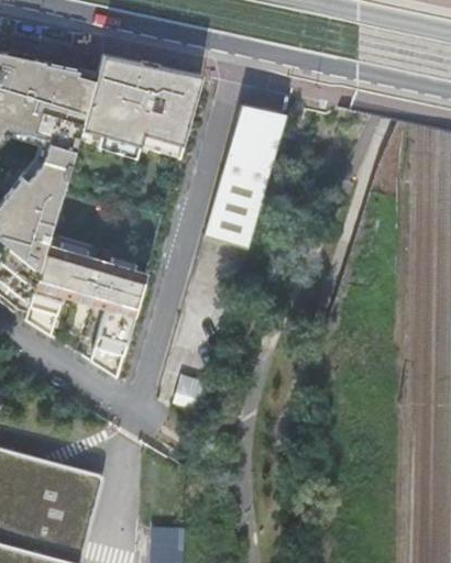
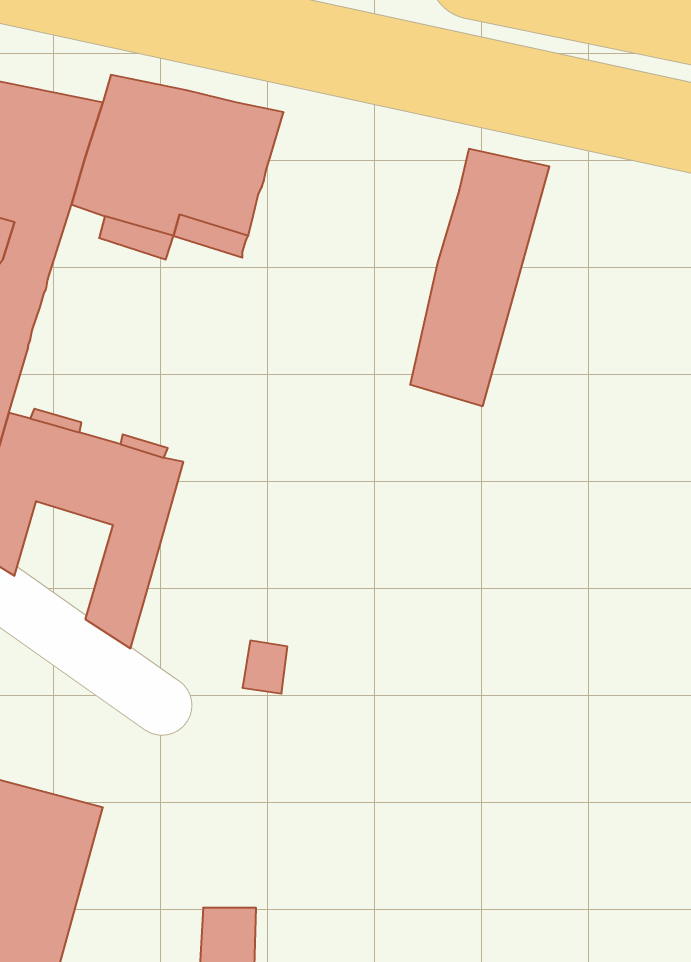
building: [207,104,285,249] -> [410,149,549,406]

